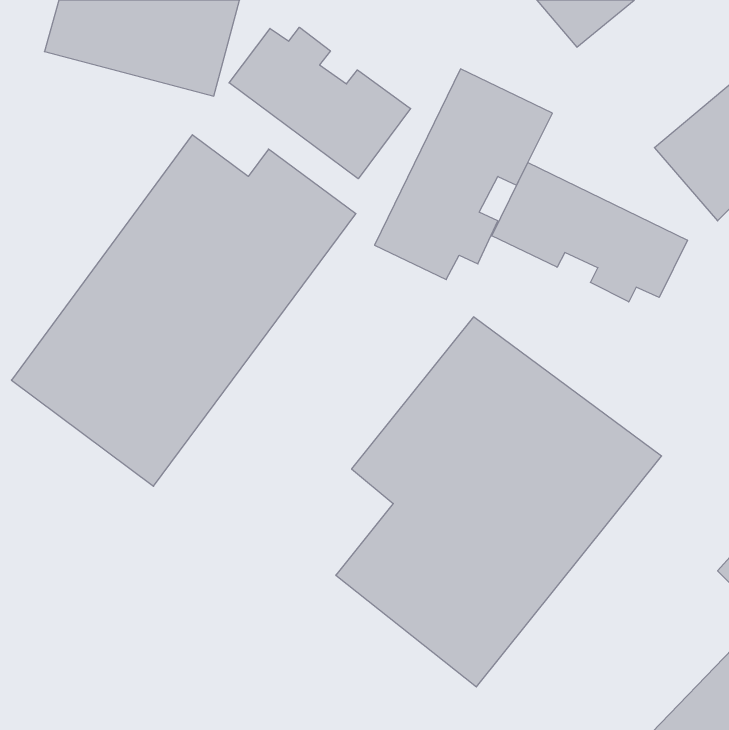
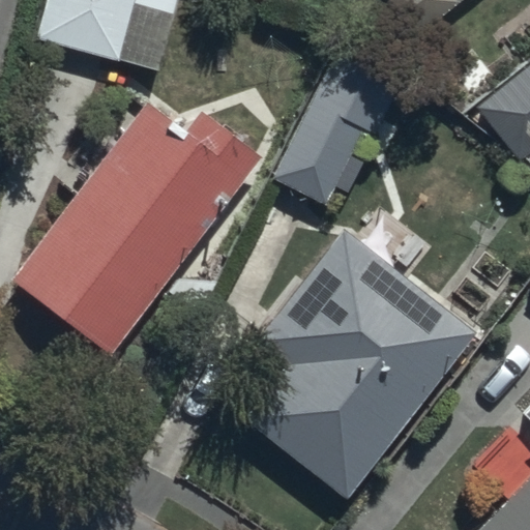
building: [229,27,411,179] -> none
building: [492,162,687,302] -> none

